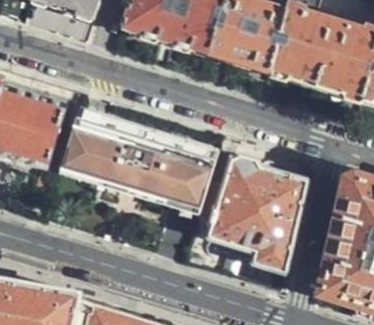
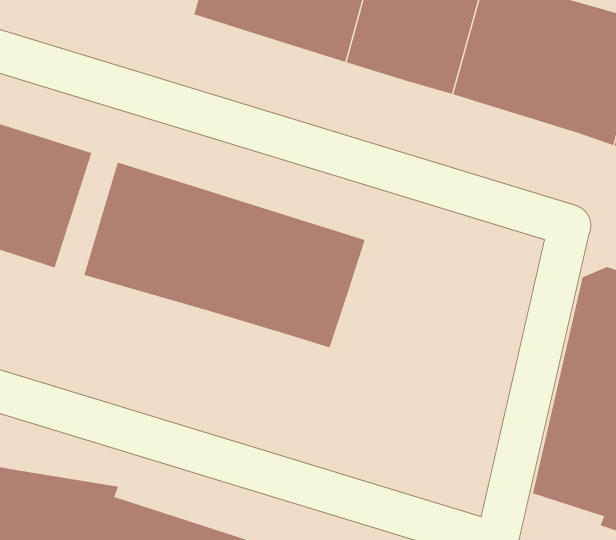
building: [201,157,308,275] -> none

